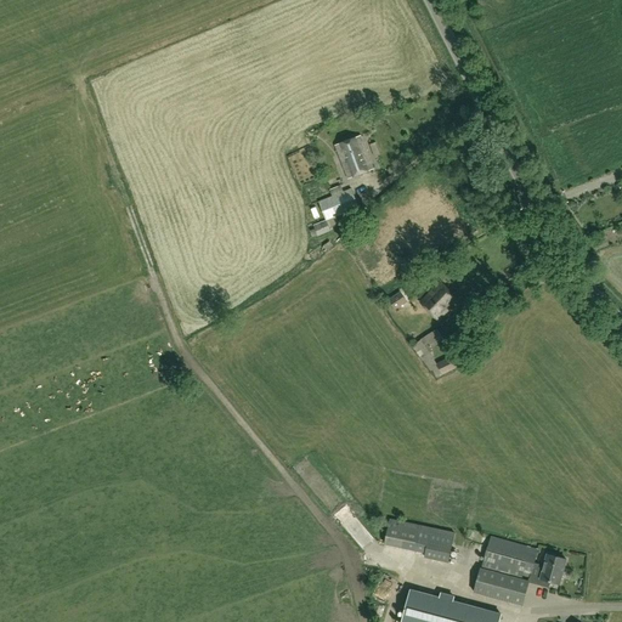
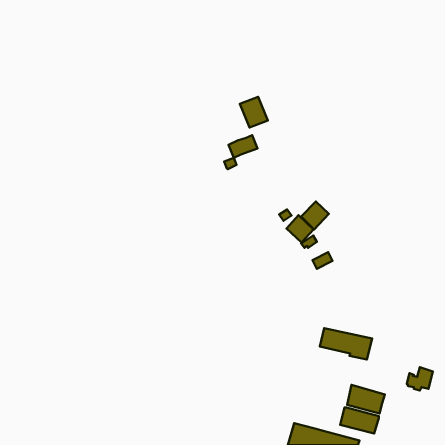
building: none -> [286,215,314,243]
building: [383,518,456,561] -> [320,328,372,359]
building: [528,553,565,586] -> [407,367,433,391]

